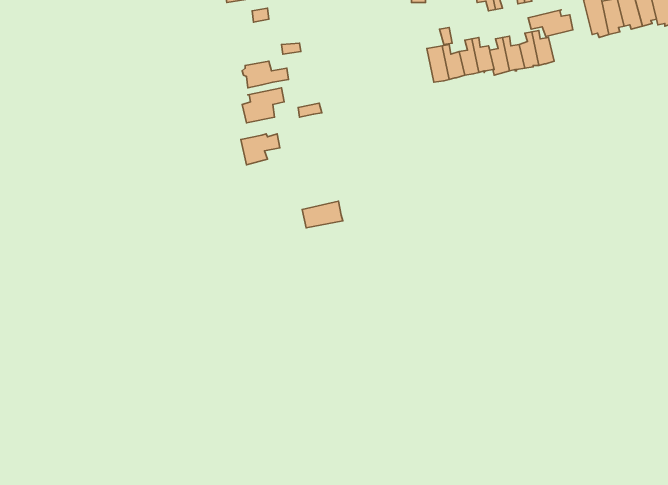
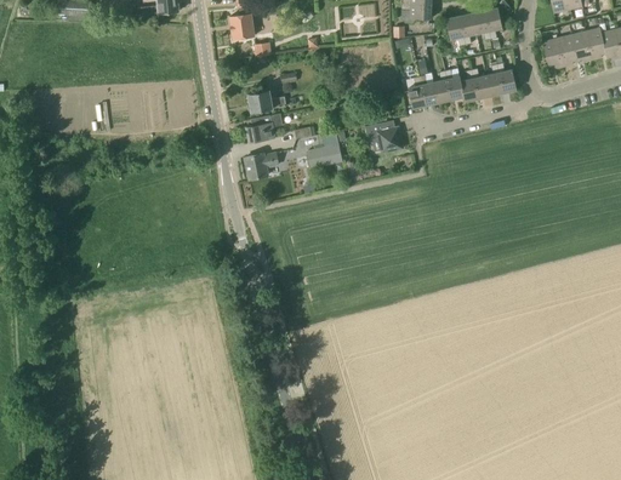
building: [528,10,573,36] -> none
building: none -> [365,120,403,150]
building: [302,201,343,228] -> [307,144,342,167]

